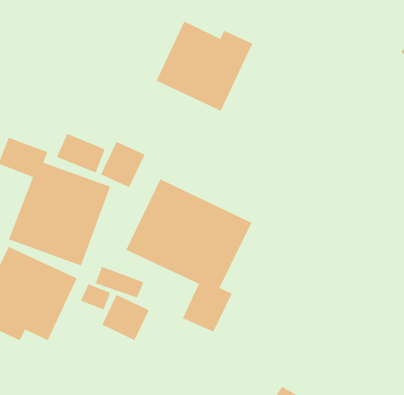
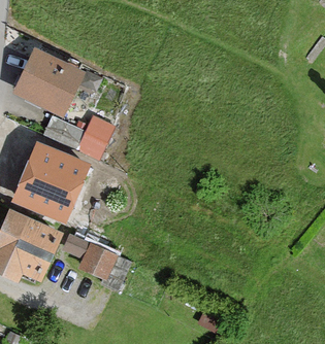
building: [156,21,253,111] -> [13,48,89,118]
building: [125,178,252,333] -> none

